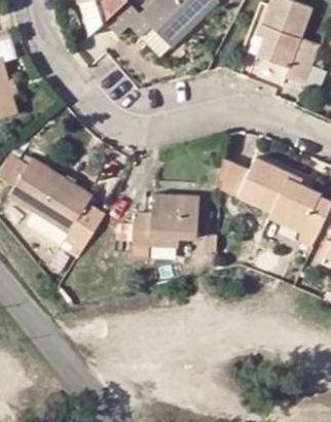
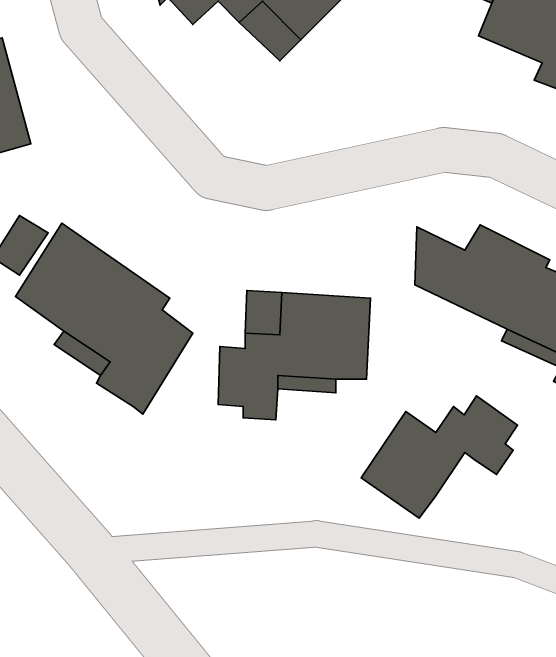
building: none -> [361,396,517,518]

